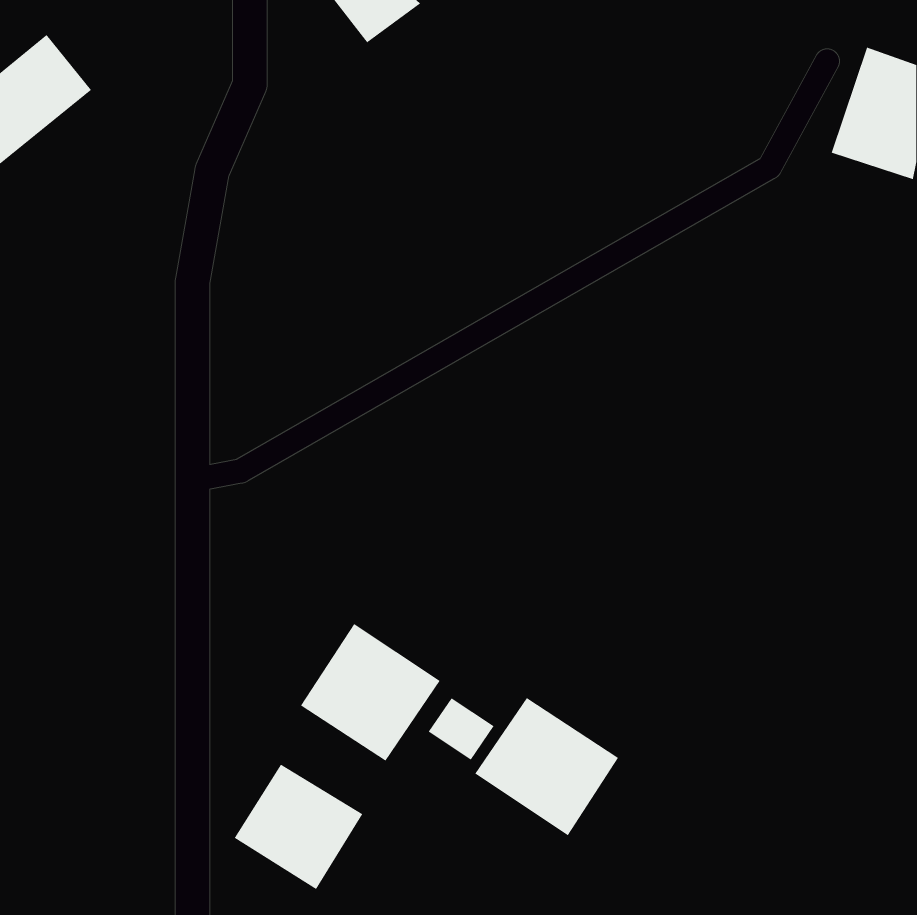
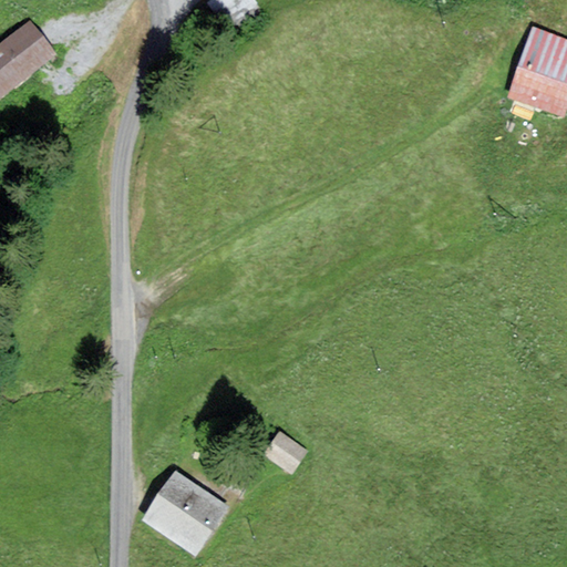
building: [300,623,440,762] -> none
building: [474,697,619,836] -> none

